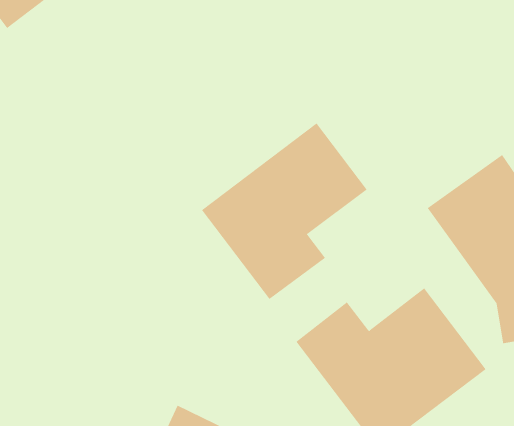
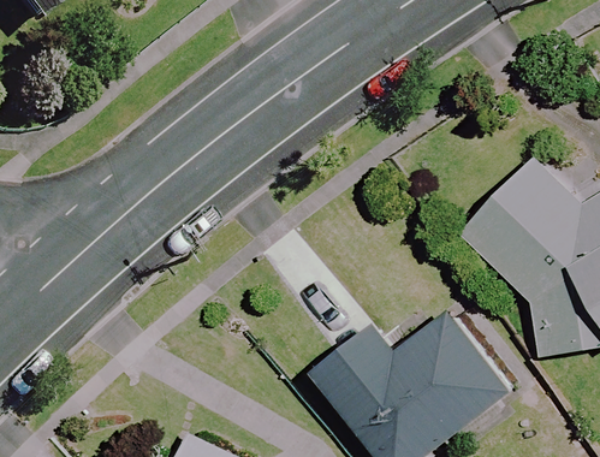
building: [201,122,367,300] -> none

